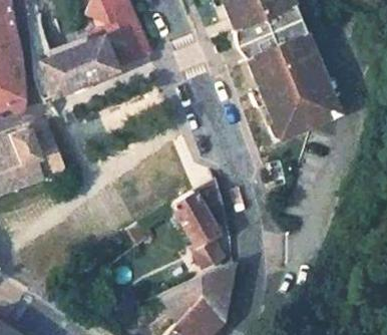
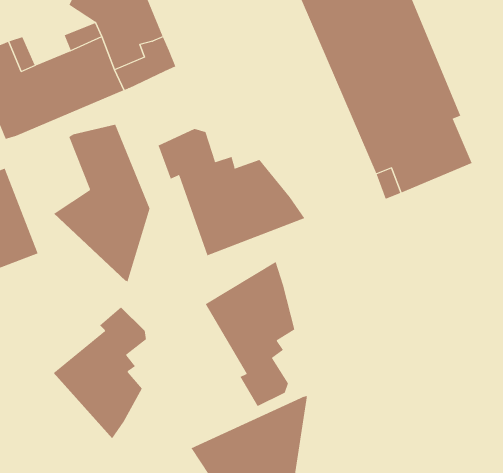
building: none -> [53,124,150,282]
building: none -> [158,128,305,256]
building: none -> [53,306,146,439]

